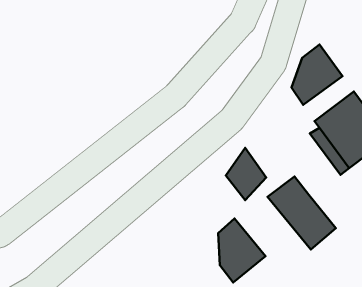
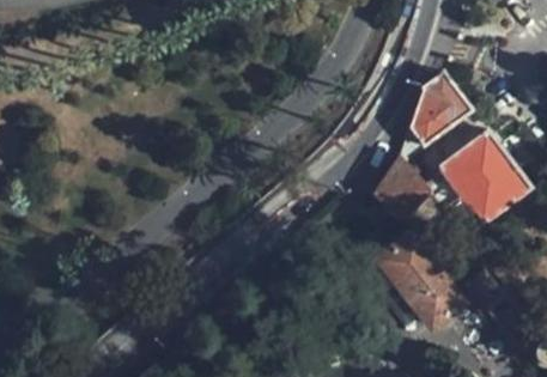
building: [226,148,266,200] -> [375,152,425,218]
building: [218,219,265,283] -> none

